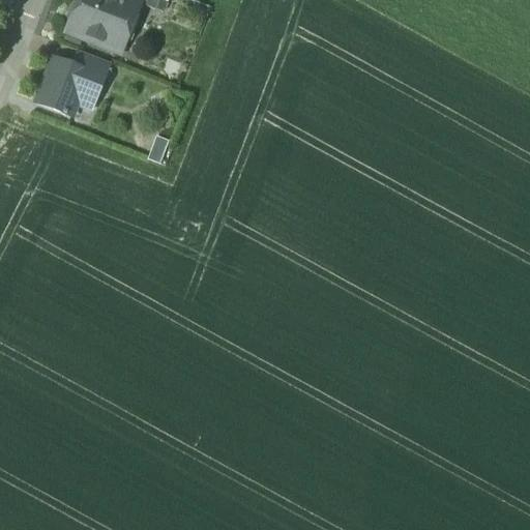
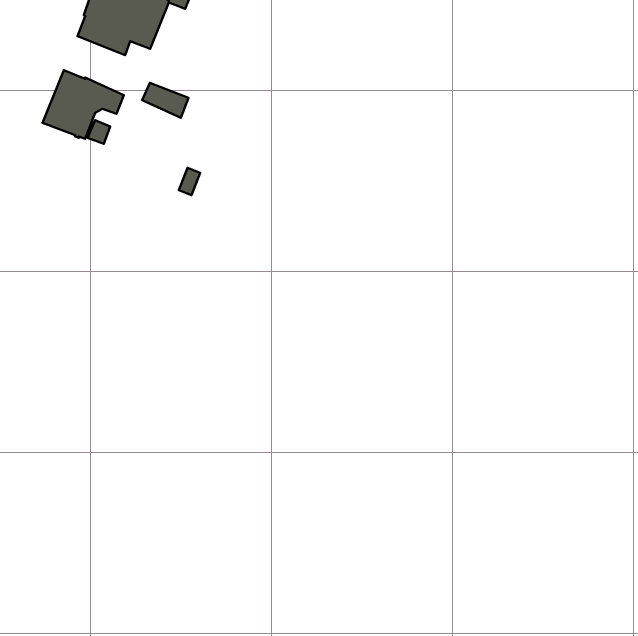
building: [71,50,110,79] -> [142,83,188,118]

